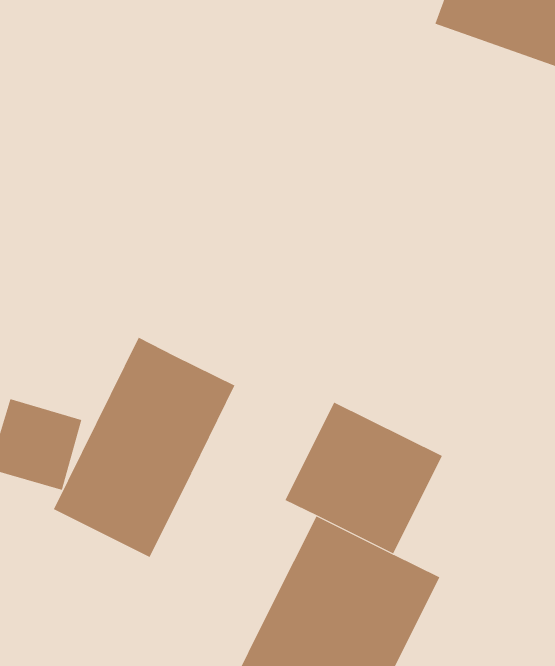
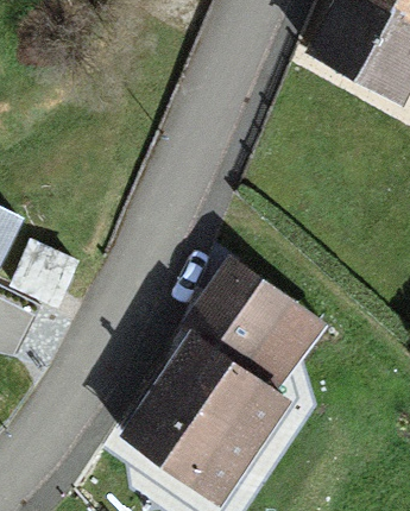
building: [53,337,235,558] -> none

